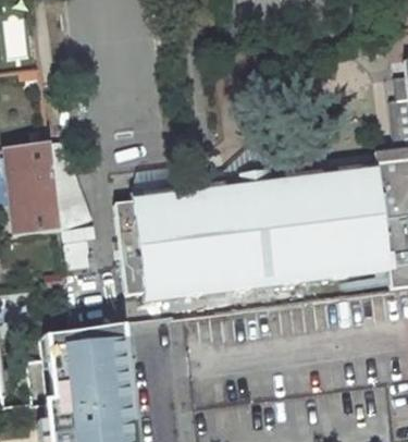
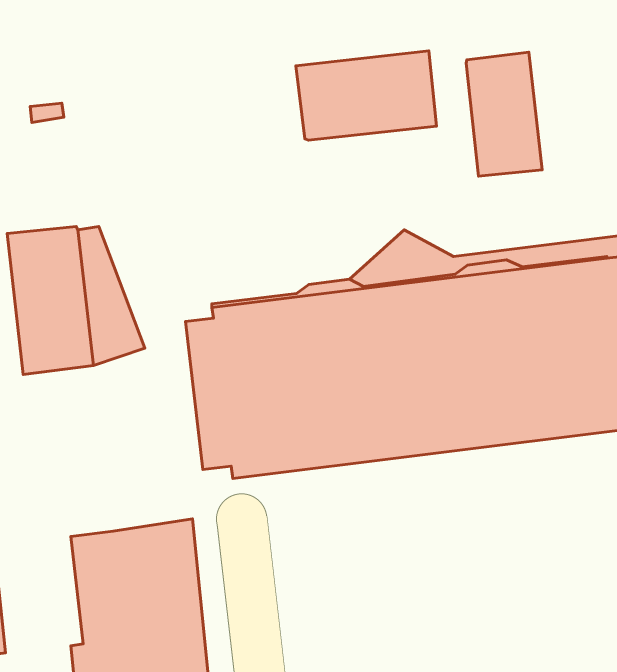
building: none -> [296,51,436,140]
building: none -> [466,52,542,176]

